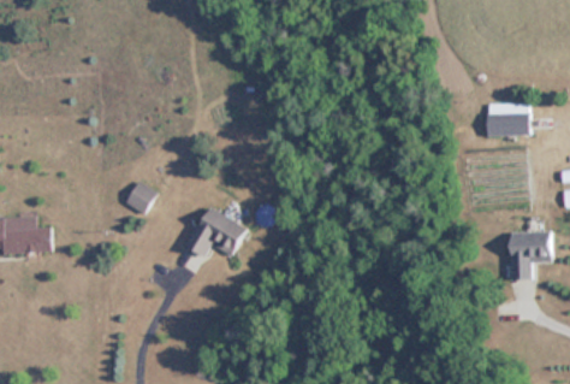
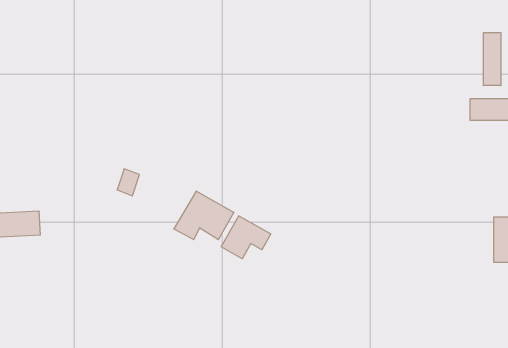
building: none -> [484,33,501,86]
building: none -> [221,216,271,259]

